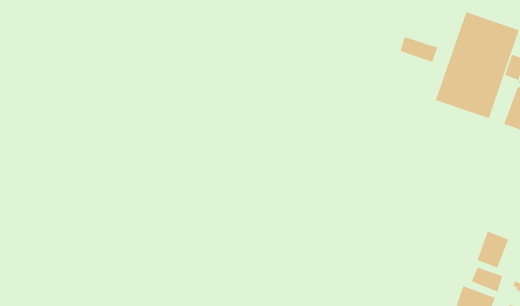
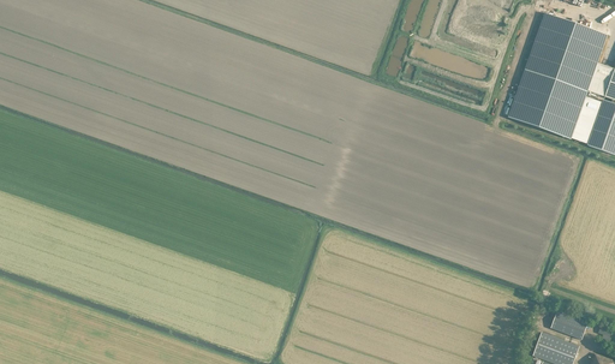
building: [399,36,438,63] -> none
building: [476,231,509,268] -> none

